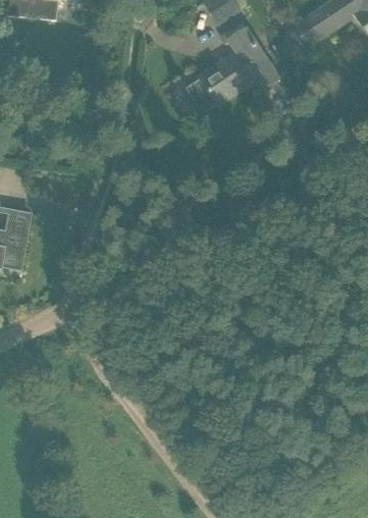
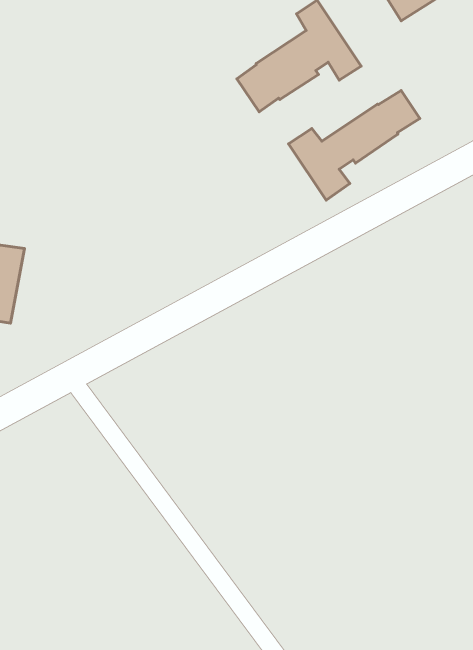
building: none -> [289,90,420,200]

